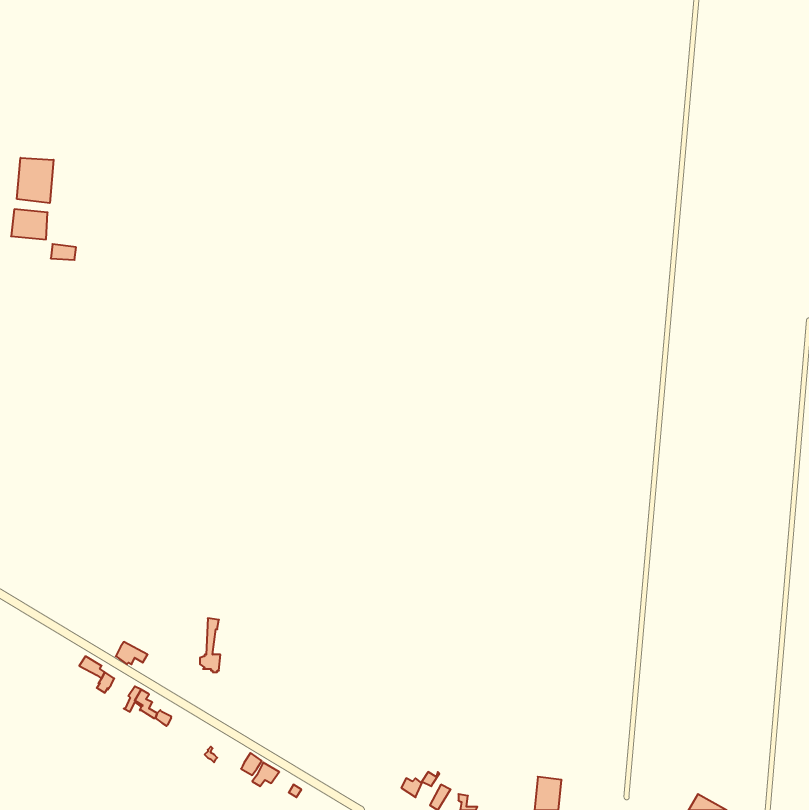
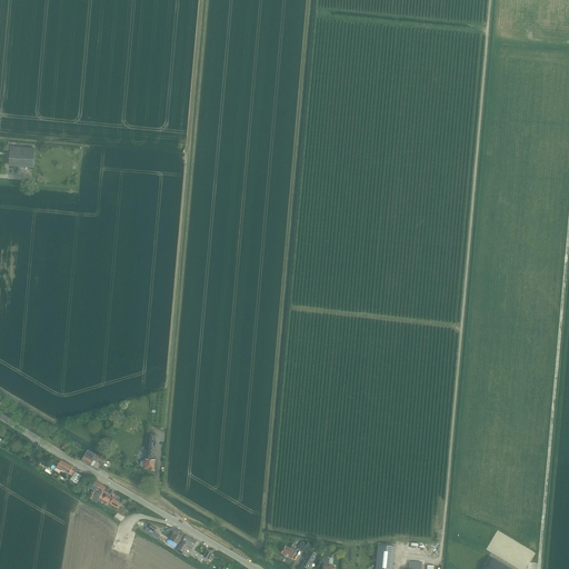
building: [17,158,54,203] -> none

